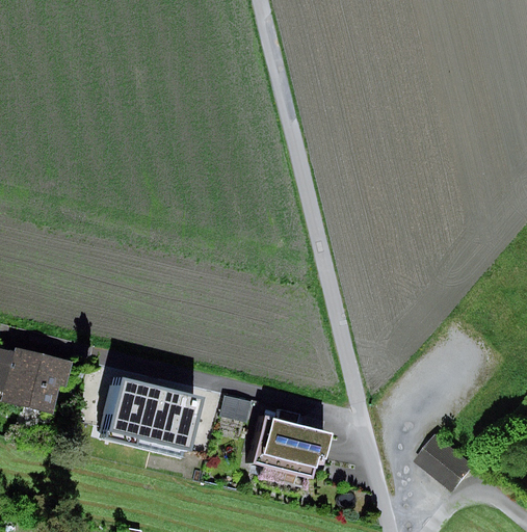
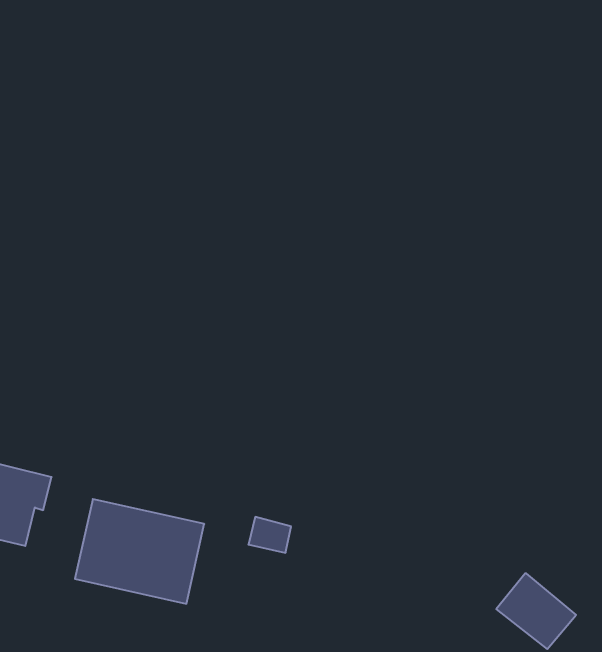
building: [252,407,328,485] -> none

